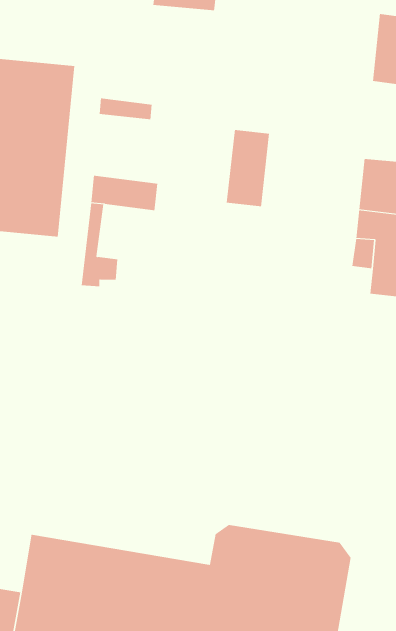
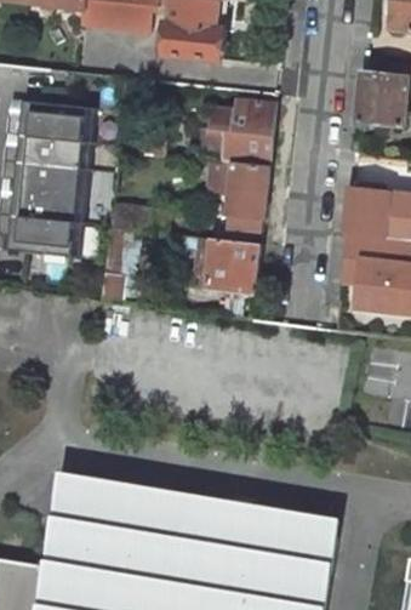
building: none -> [198,101,273,167]
building: none -> [206,240,258,292]
building: none -> [57,475,341,546]

